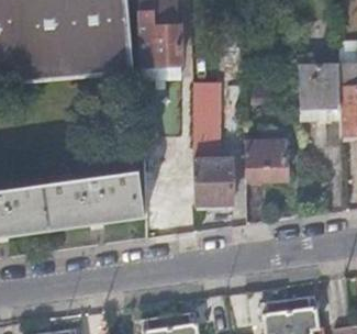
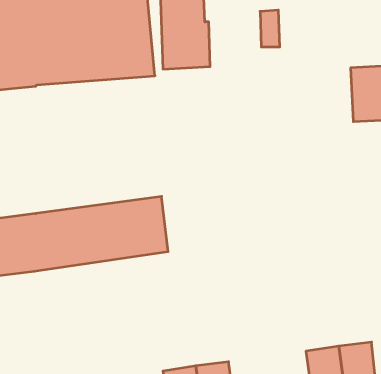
building: [191,81,233,203] -> none
building: [245,129,287,181] -> none

